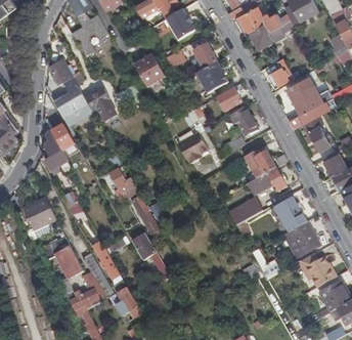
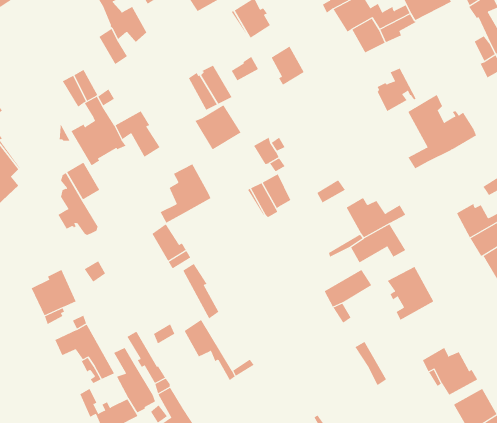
building: [195,61,228,93] -> [194,105,242,150]
building: [216,84,243,112] -> none
building: [230,107,258,134] -> none
building: [302,116,333,151] -> none
building: none -> [160,164,211,224]
building: [282,221,320,259] -> none

